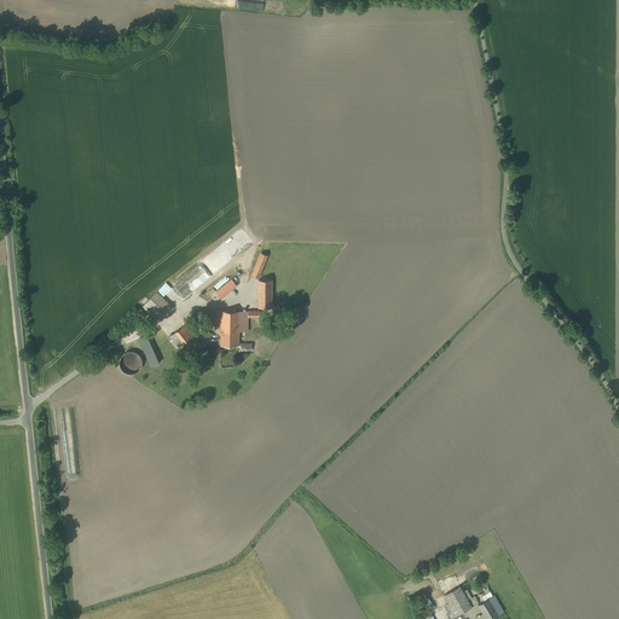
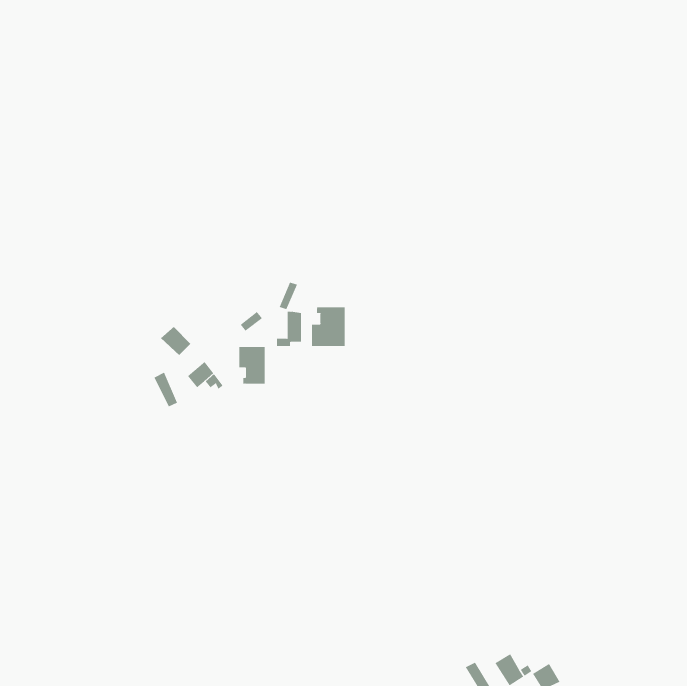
building: none -> [312,307,345,347]

